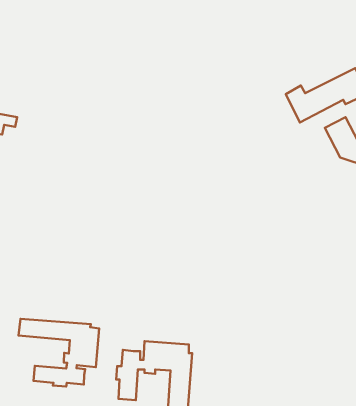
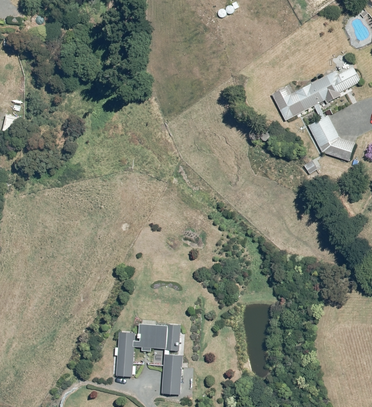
building: [19,319,99,387] -> none

